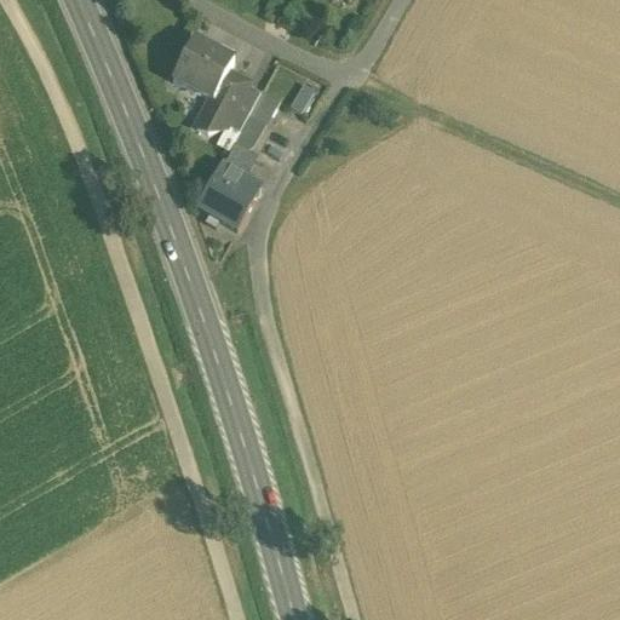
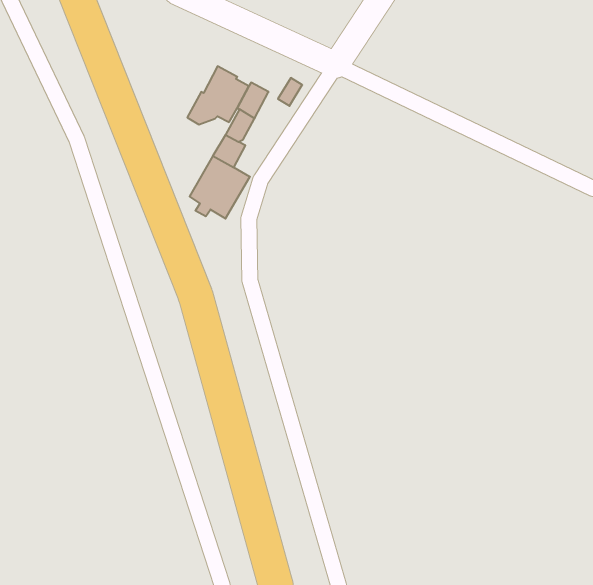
building: [172,36,232,97] -> none

